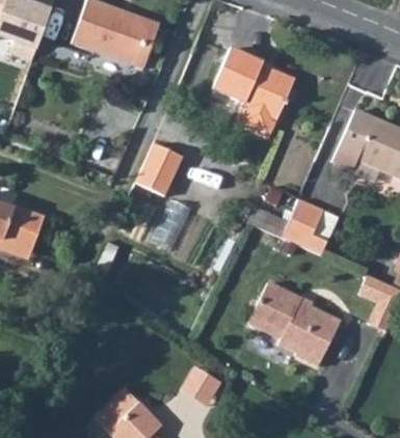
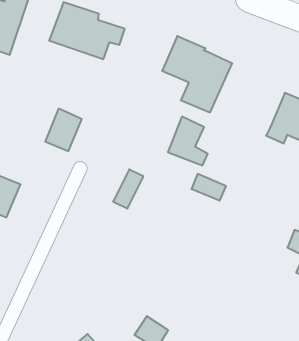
building: [137,139,180,189] -> [45,109,82,151]
building: [286,195,332,252] -> [168,117,208,165]
building: [250,285,341,368] -> none

